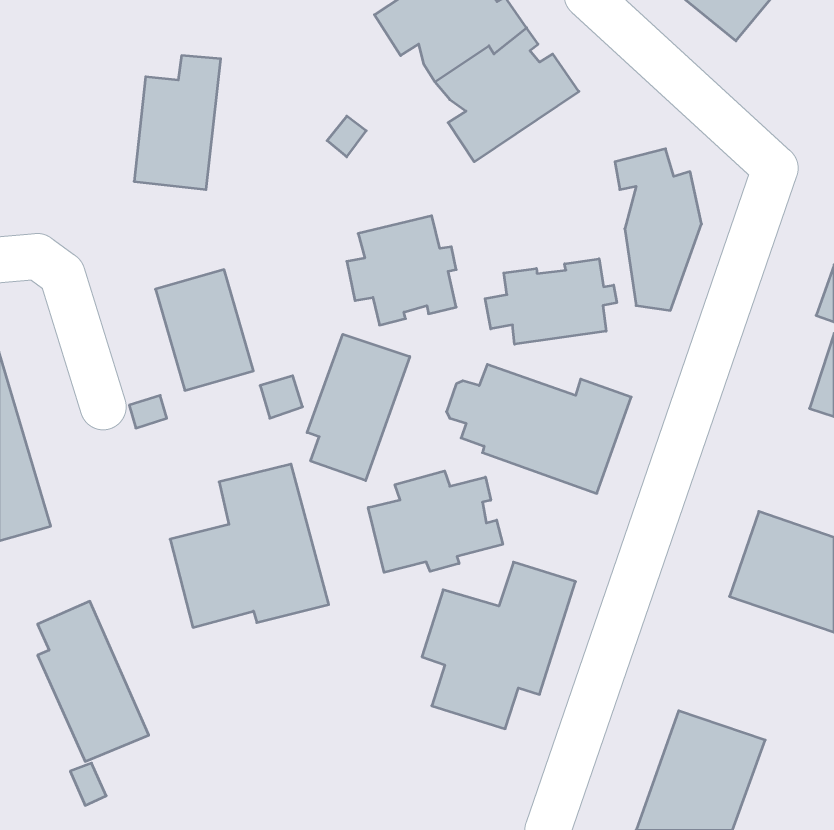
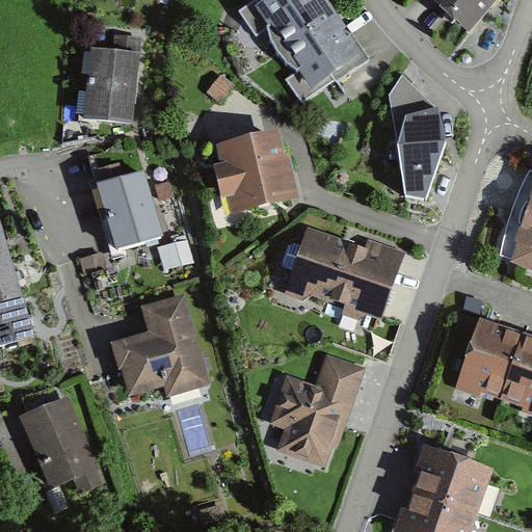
building: [485,259,617,344] -> none
building: [307,334,410,481] -> none
building: [368,471,503,572] -> none

